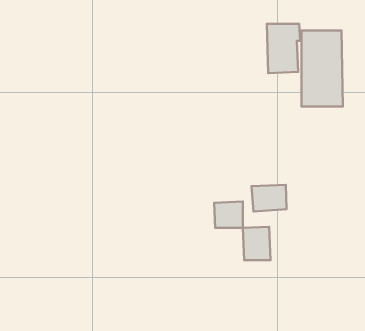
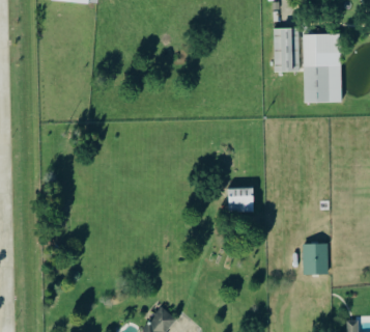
building: [251,185,287,211] -> none
building: [243,227,270,260] -> [301,244,325,274]

